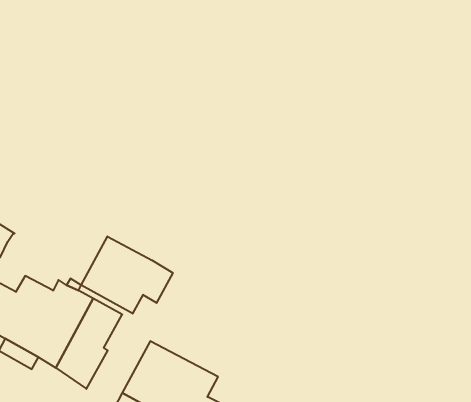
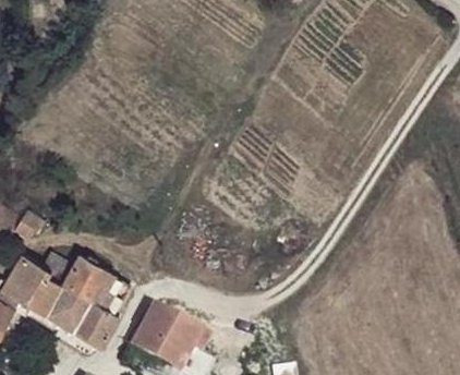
building: [81,236,173,314] -> none

